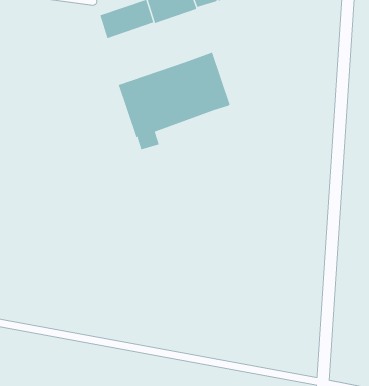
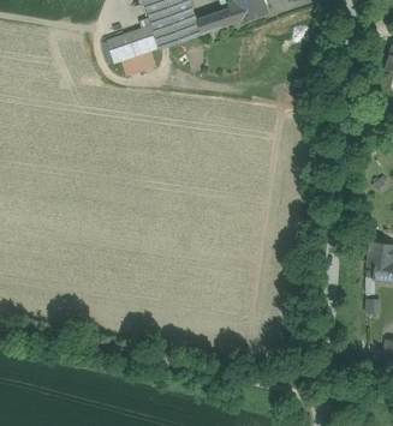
building: [117,51,231,150] -> none

